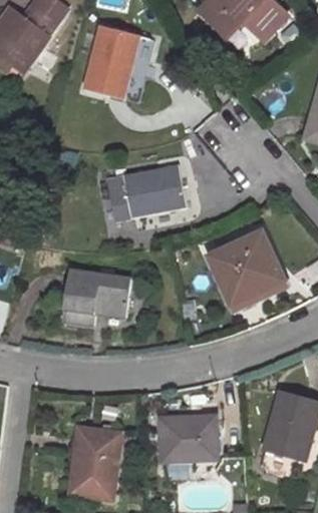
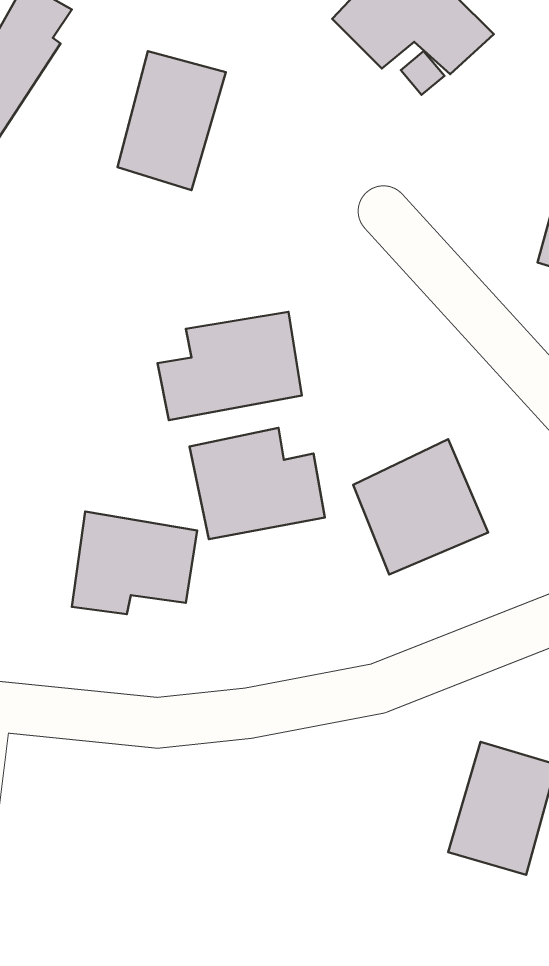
building: none -> [190,428,325,539]
building: [162,417,219,463] -> none
building: [67,422,115,496] -> none

